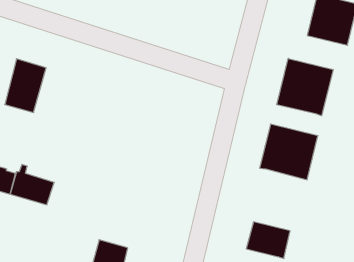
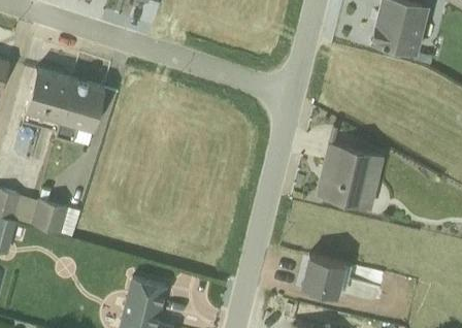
building: [277,58,333,116] -> none
building: none -> [57,79,105,146]

